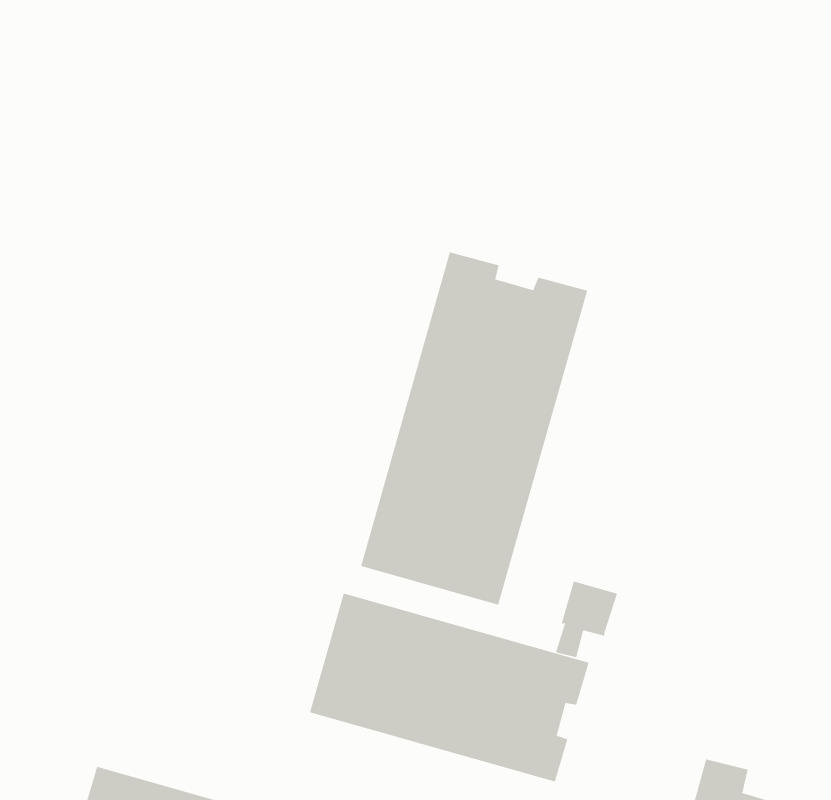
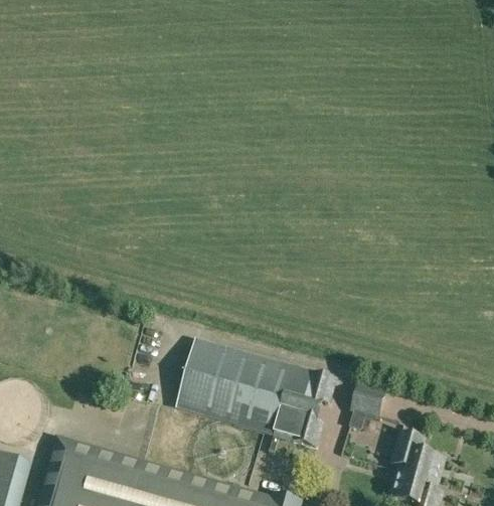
building: [361,251,588,605] -> none
building: [555,581,618,658] -> [347,385,382,429]

